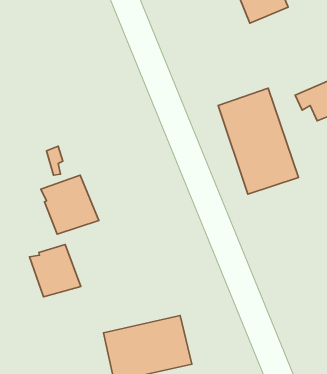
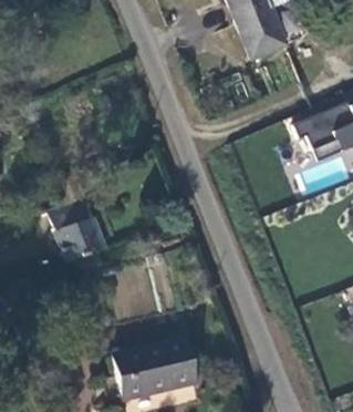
building: [218,88,299,194] -> none
building: [30,245,81,297] -> none

